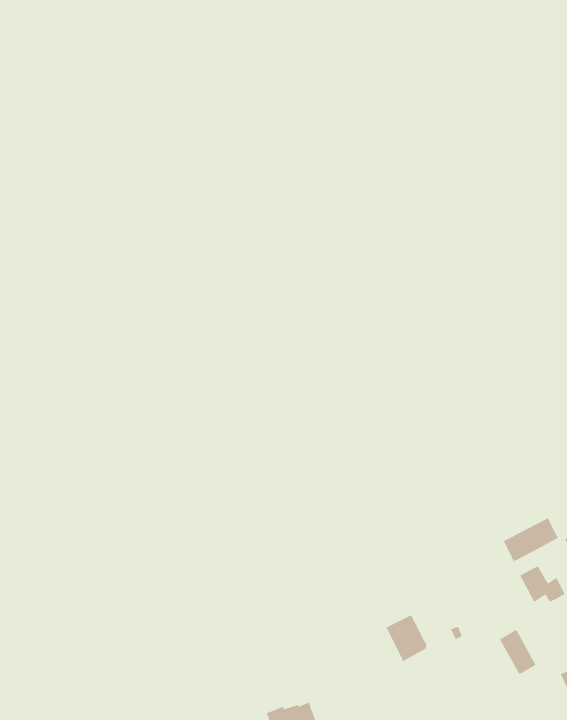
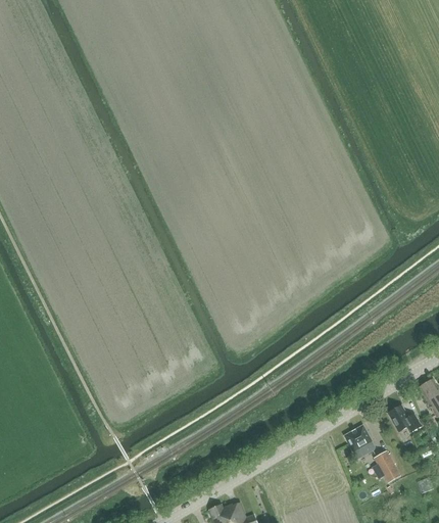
building: [503,517,559,562] -> none
building: [386,614,428,662] -> [345,425,375,459]

